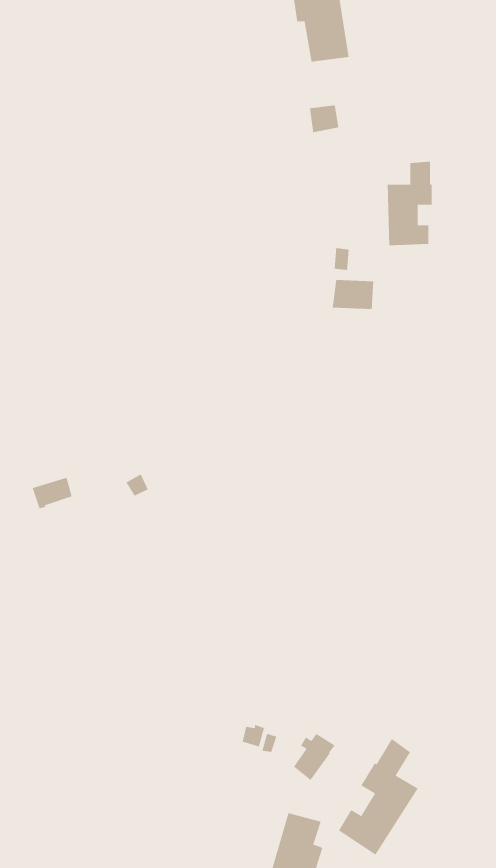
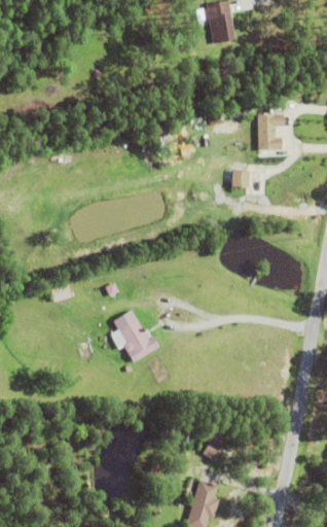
building: none -> [111,311,160,363]
building: [338,738,418,856] -> none

